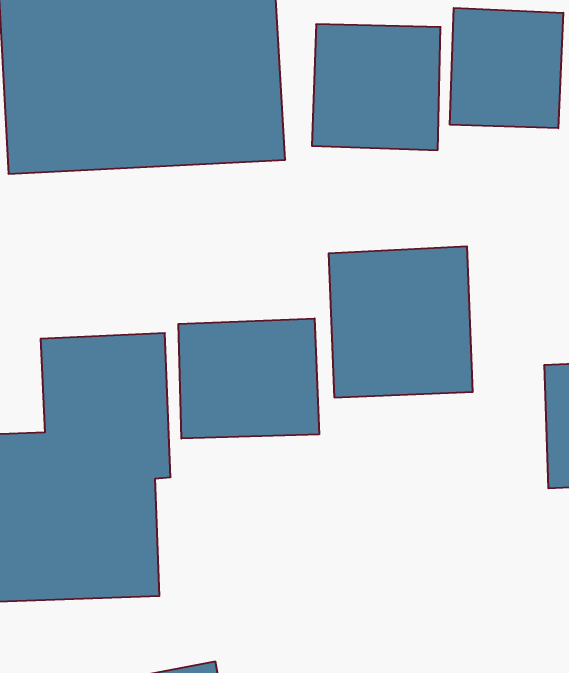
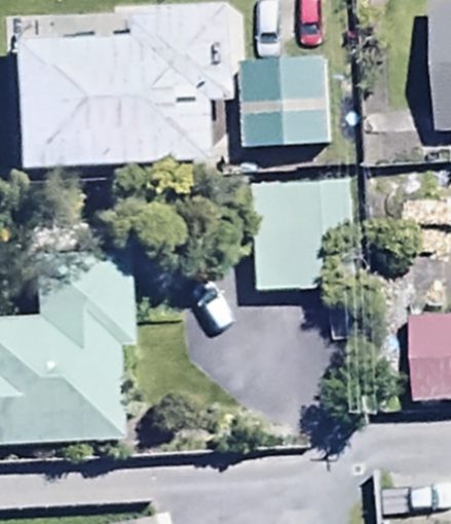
building: [450,8,563,128] -> none
building: [178,318,319,439] -> none

